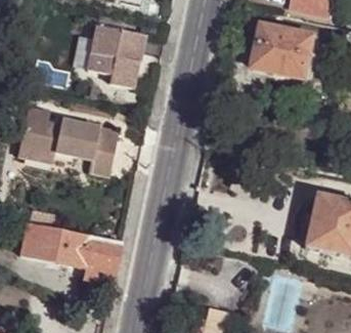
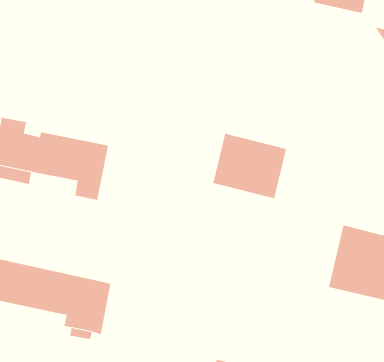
building: [86,20,144,84] -> none
building: [251,24,313,79] -> [212,133,287,199]

